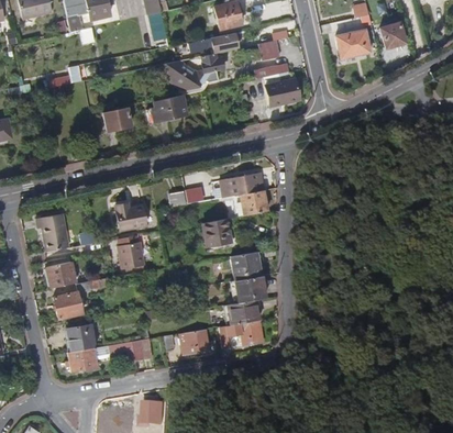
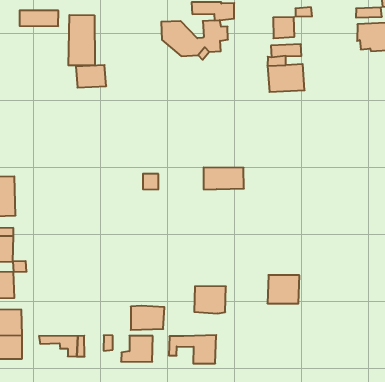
building: none -> [68,15,95,66]
building: [153,95,186,120] -> none
building: [240,191,267,218] -> none
building: [114,204,145,231] -> none
building: [203,220,234,254] -> none
building: [117,235,145,269] -> none
building: [232,253,262,281] -> [267,275,299,304]
building: [230,301,261,325] -> [131,306,164,330]

